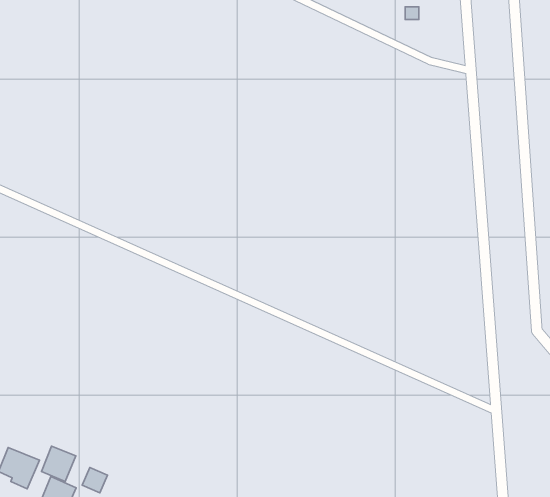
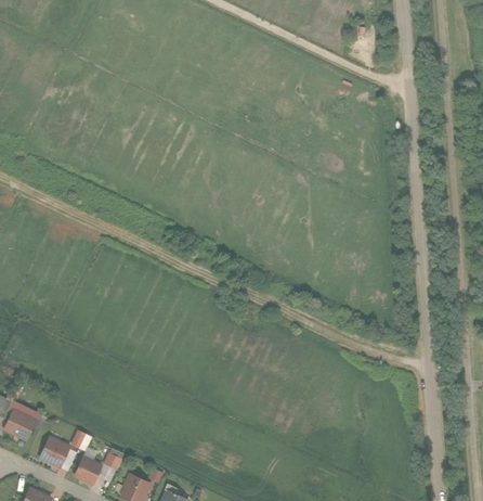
building: [42,446,76,482] -> none

